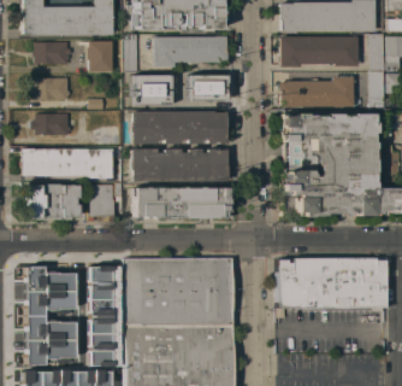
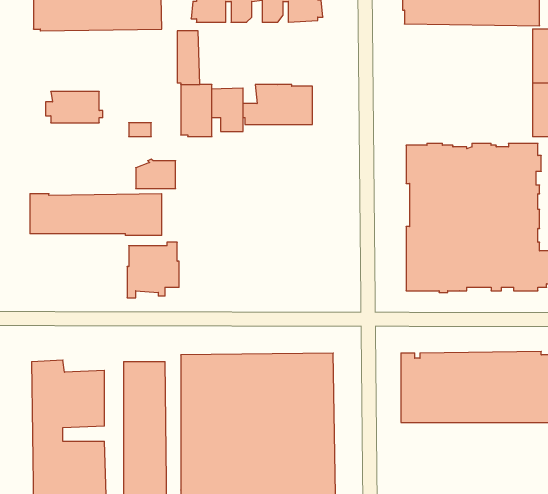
building: [155,36,229,66] -> none
building: [282,36,359,66] -> none
building: [35,41,72,63] -> none
building: [88,41,113,71] -> none
building: [280,76,355,106] -> none
building: [132,111,229,144] -> none
building: [32,113,73,135] -> none
building: [134,148,229,181] -> none
building: [28,183,78,220] -> none
building: [132,187,230,218] -> none

